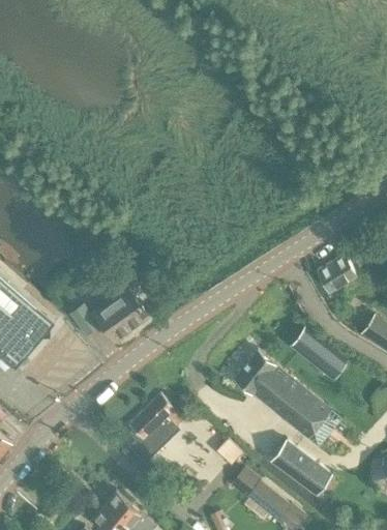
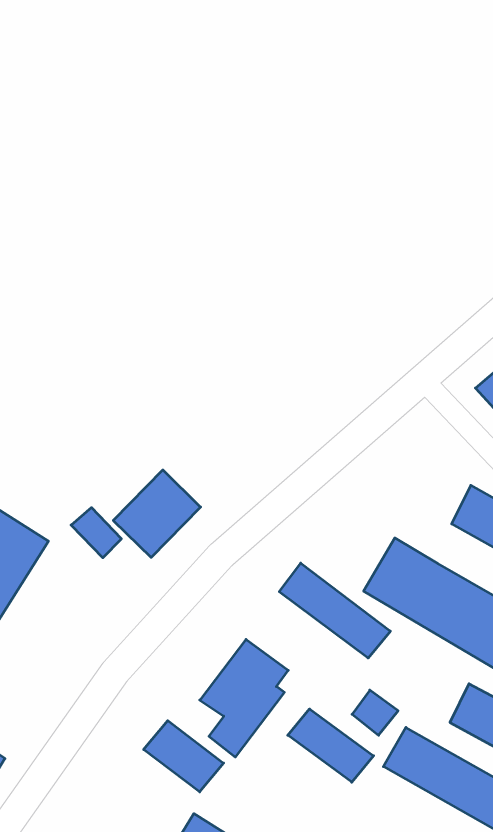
building: none -> [279,563,390,658]
building: none -> [144,721,224,792]
building: none -> [288,709,374,782]

